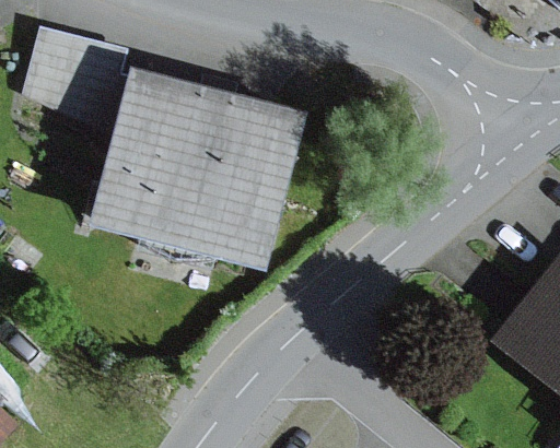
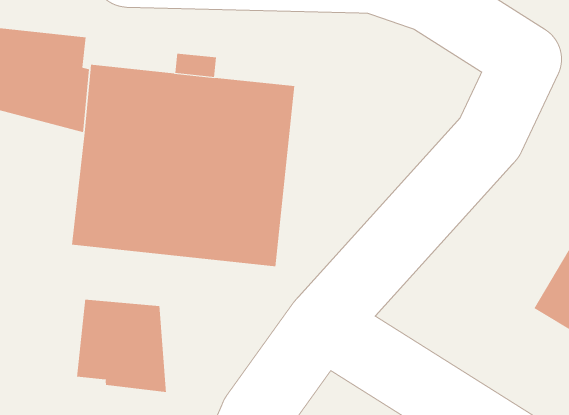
building: none -> [76,299,166,393]

